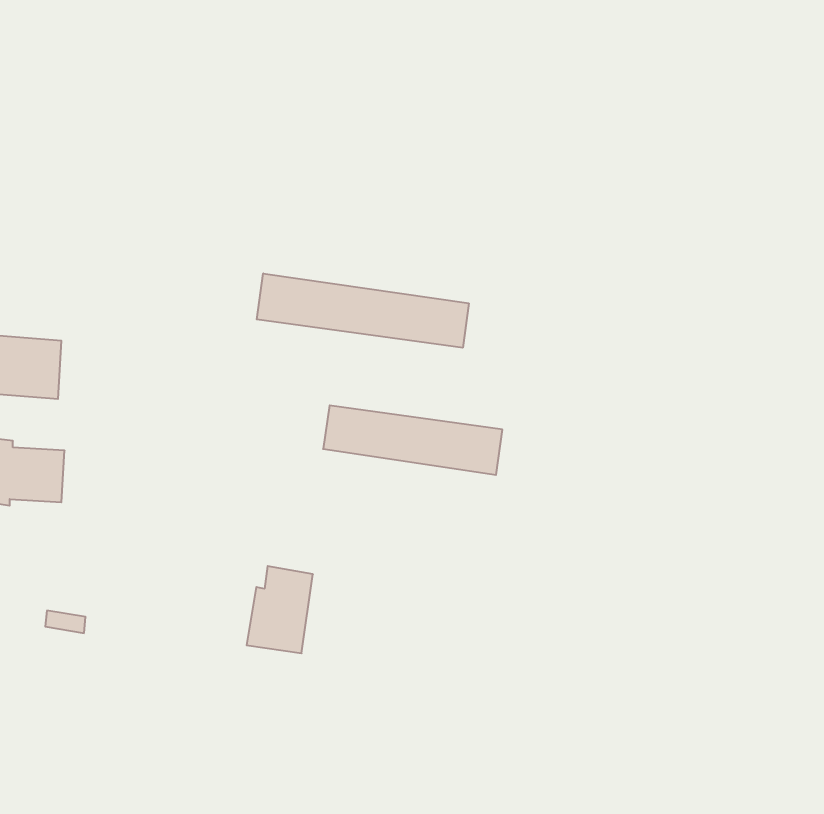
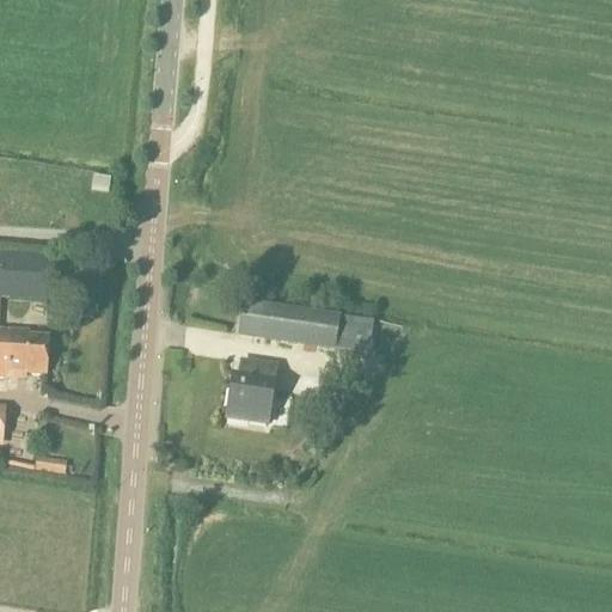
building: [257,273,469,348] -> none
building: [247,566,313,653] -> [226,356,275,421]

